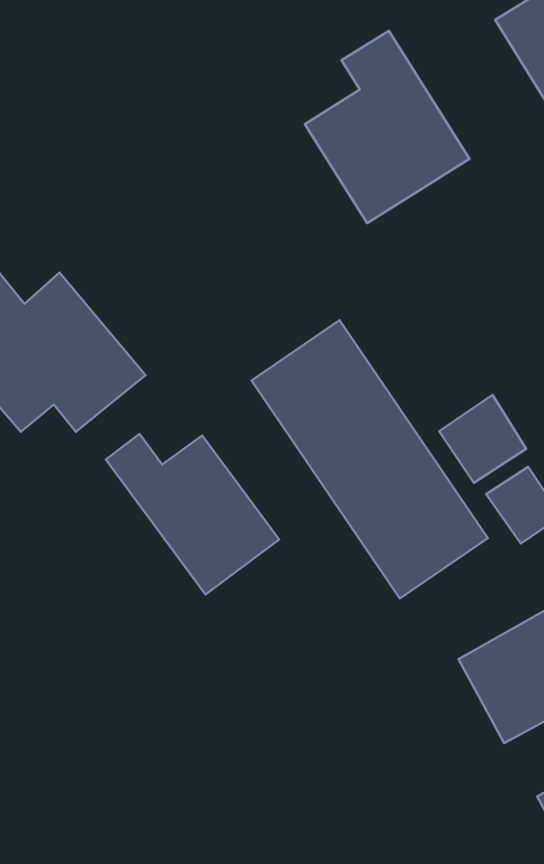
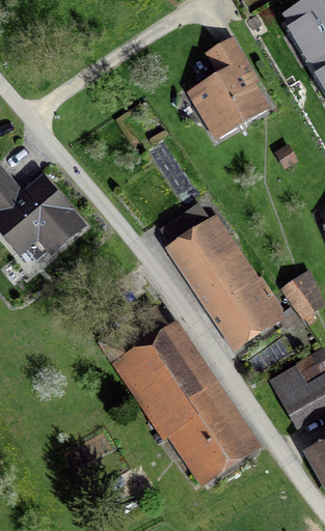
building: [439,395,526,483] -> none
building: [106,434,279,594] -> none
building: none -> [106,330,253,493]

